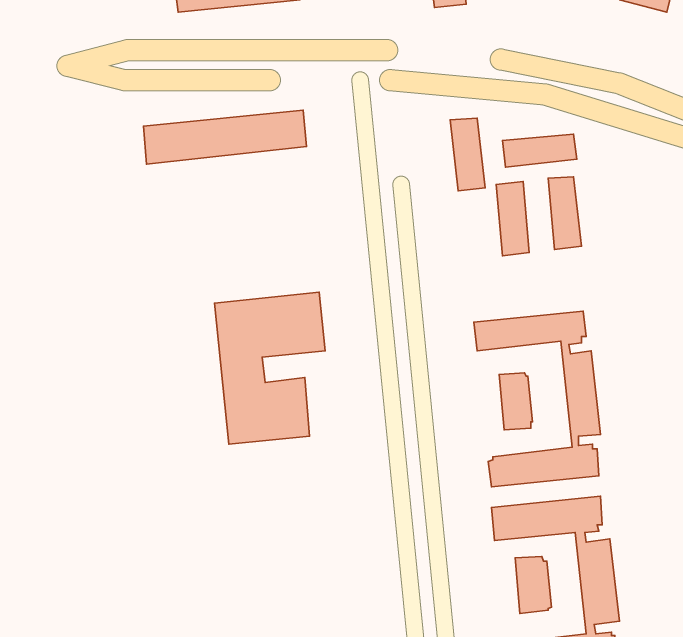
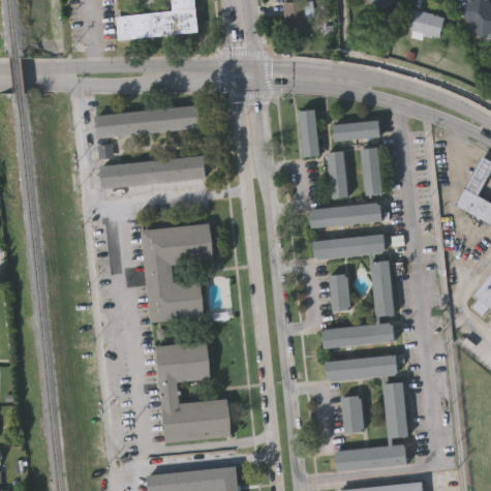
building: none -> [102,155,207,188]
building: none -> [309,203,381,229]
building: none -> [157,340,234,442]

